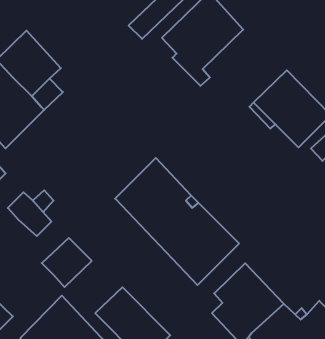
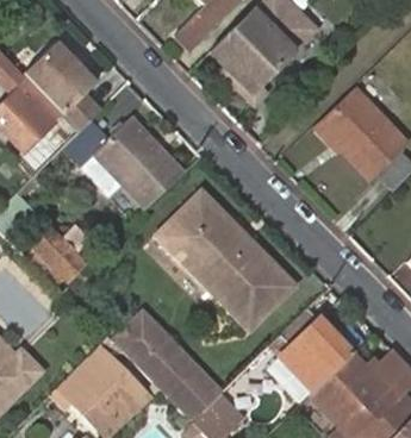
building: none -> [81,118,182,209]
building: [42,238,92,287] -> [110,308,167,364]

